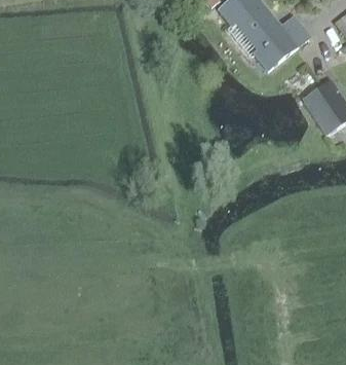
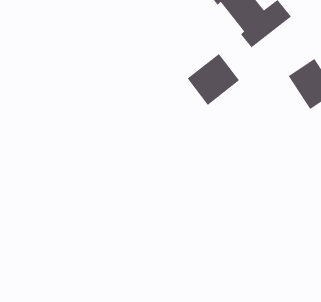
building: none -> [187,53,240,106]

